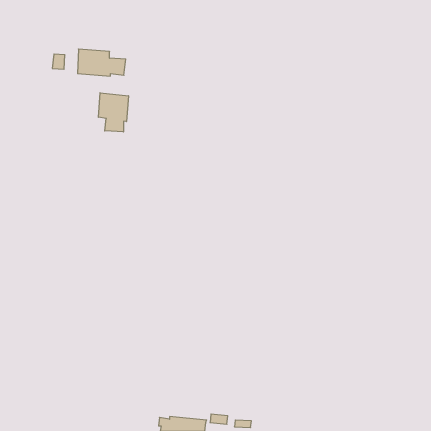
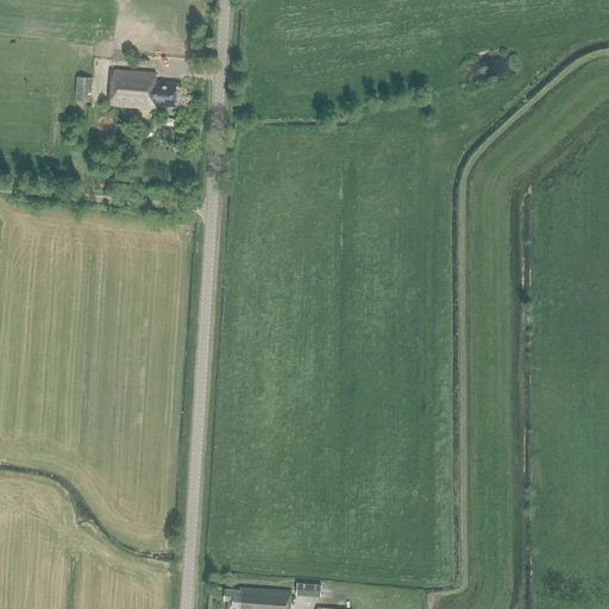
building: [98,93,128,132] -> none

